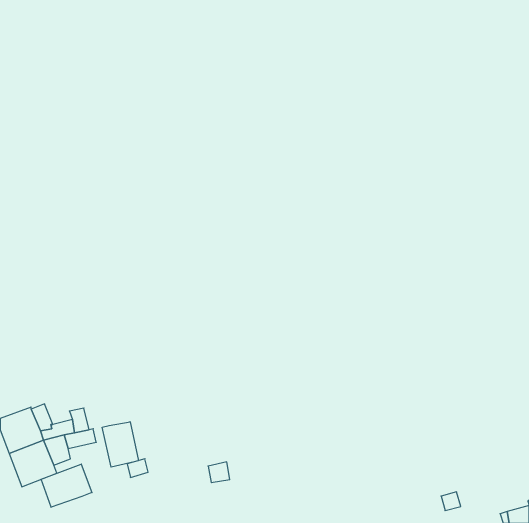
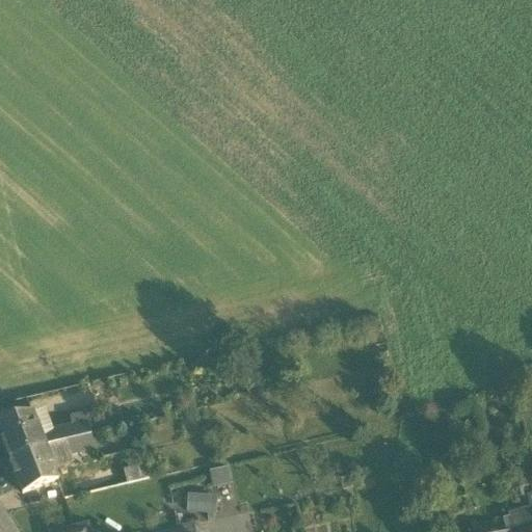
building: [102,422,138,467] -> none
building: [41,464,92,507] -> none
building: none -> [186,490,217,510]

